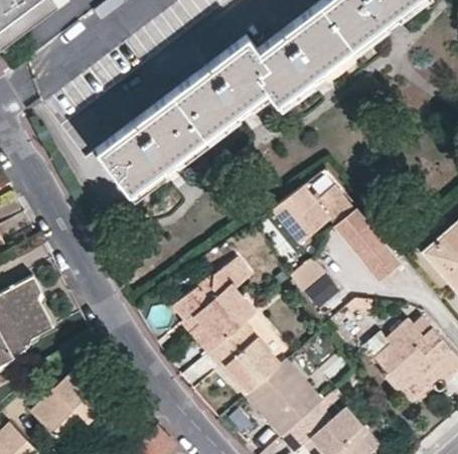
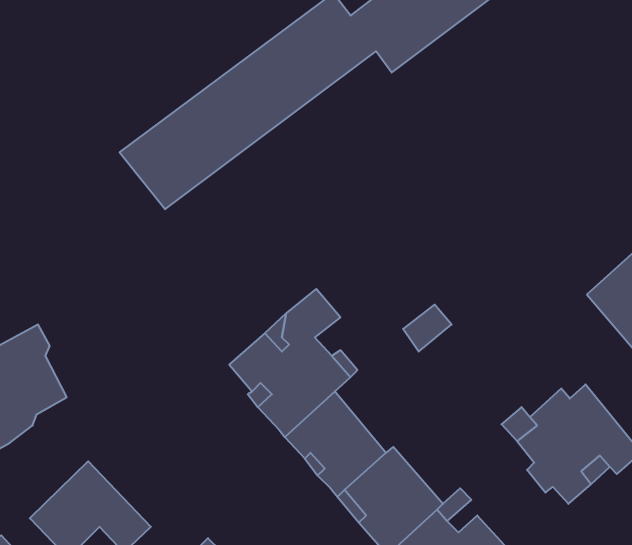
building: [276,185,399,283] -> none

